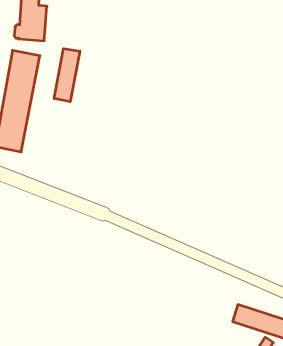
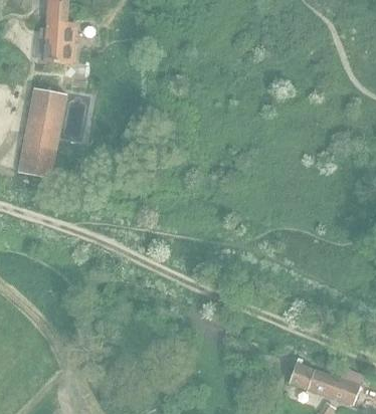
building: [54,49,80,102] -> none

